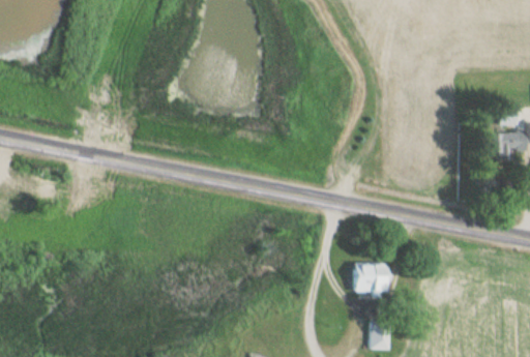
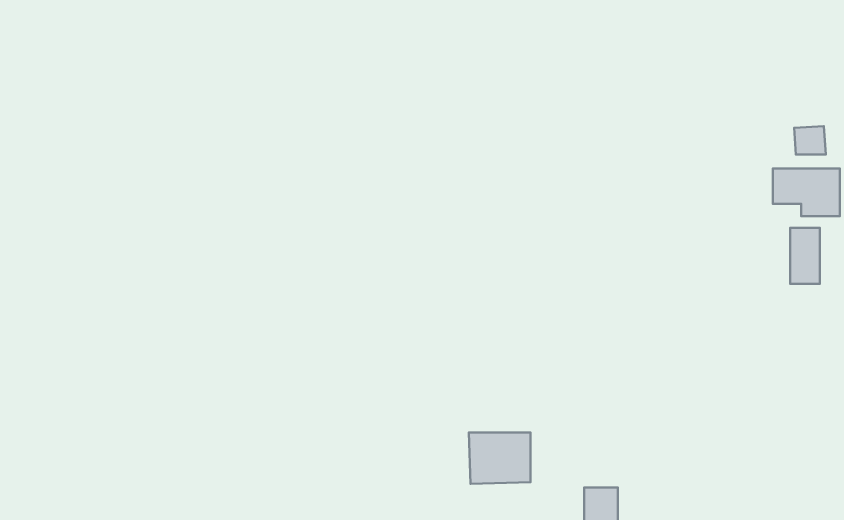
building: none -> [790,228,820,284]
building: [354,262,390,292] -> [469,433,530,484]

